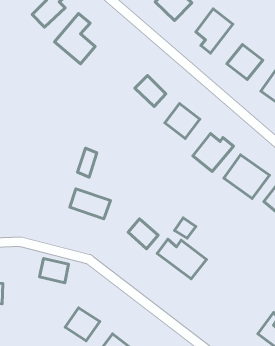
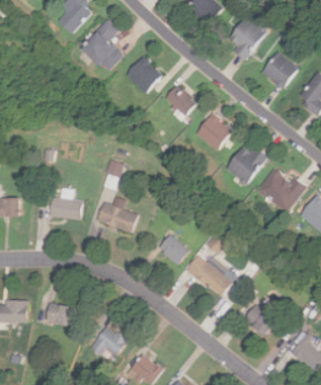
building: none -> [126,56,163,93]
building: none -> [50,196,84,219]
building: [40,259,69,283] -> [46,302,76,327]
building: none -> [243,304,276,336]

